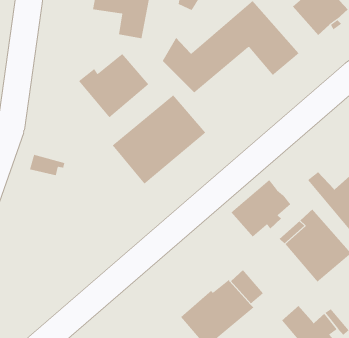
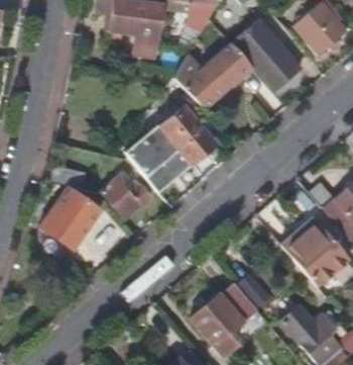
building: [78,53,149,118] -> none
building: none -> [100,172,151,221]
building: none -> [40,186,100,249]
building: [231,179,291,238] -> none

